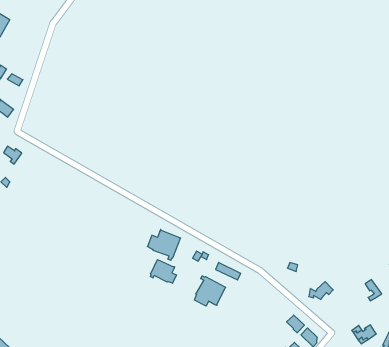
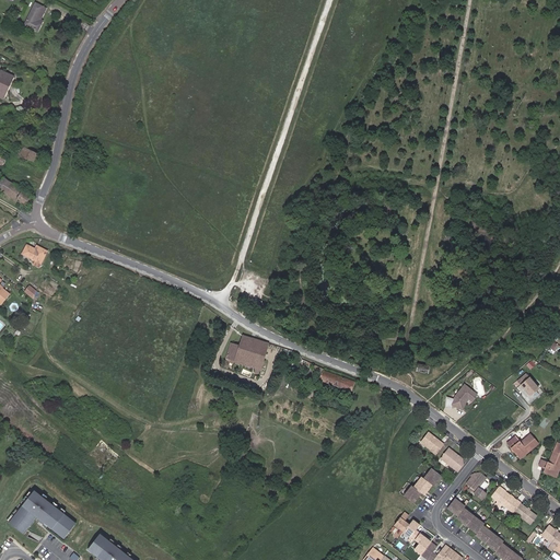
building: [150,260,177,283] -> none
building: [195,276,226,306] -> none

